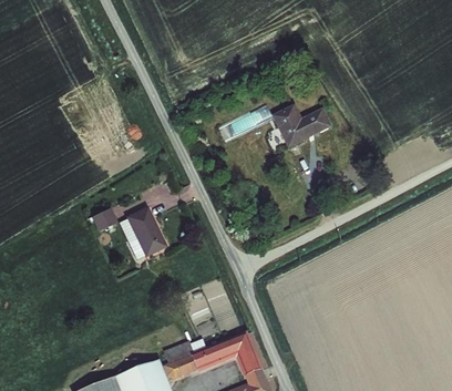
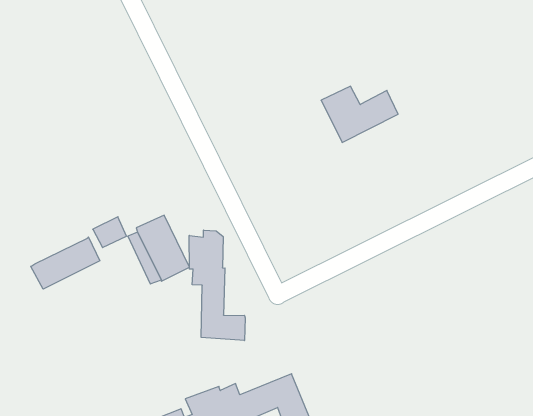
building: none -> [189,230,245,341]
building: none -> [31,237,100,289]

